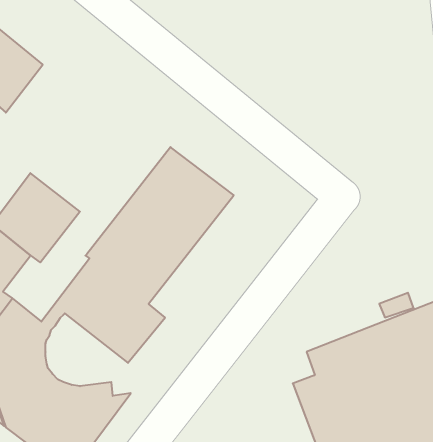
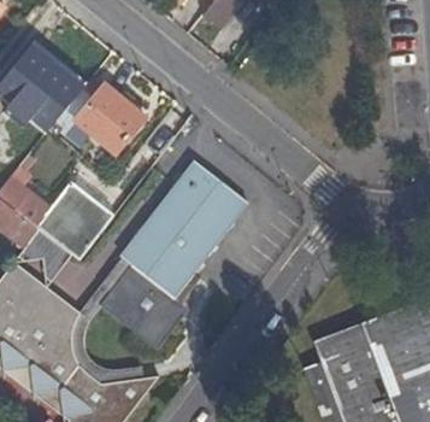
building: none -> [77,86,145,152]

